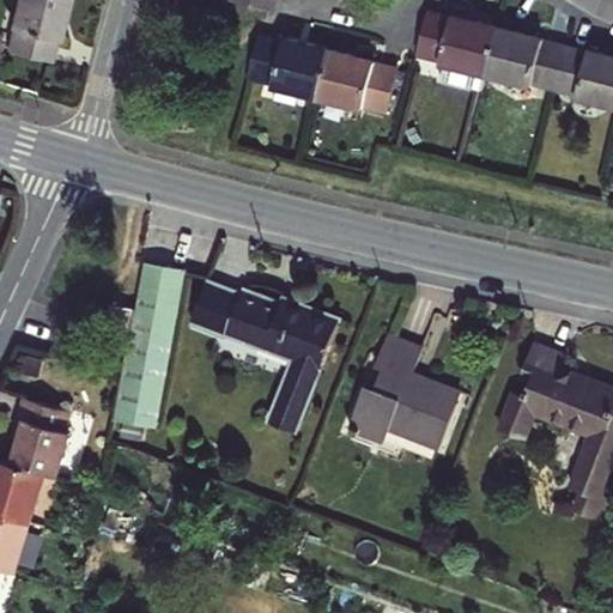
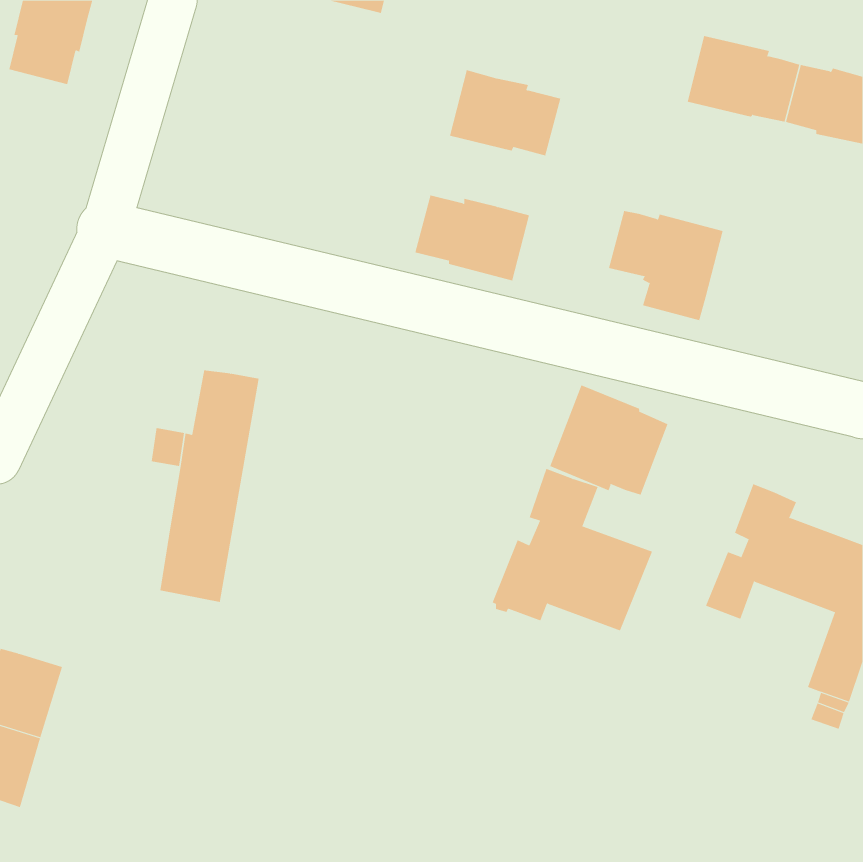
building: [415,14,497,92] -> [608,210,724,321]
building: [248,38,329,99] -> [414,195,530,281]
building: none -> [549,385,668,496]
building: [190,281,339,432] -> none
building: [13,400,68,478] -> none

